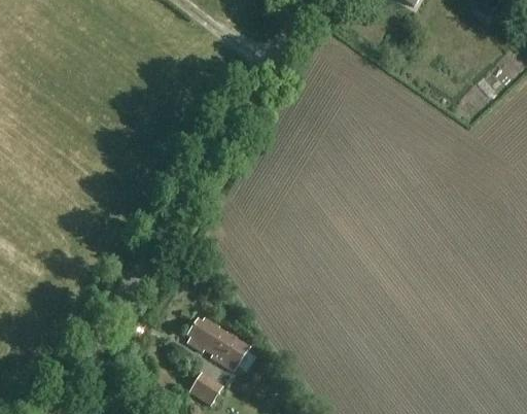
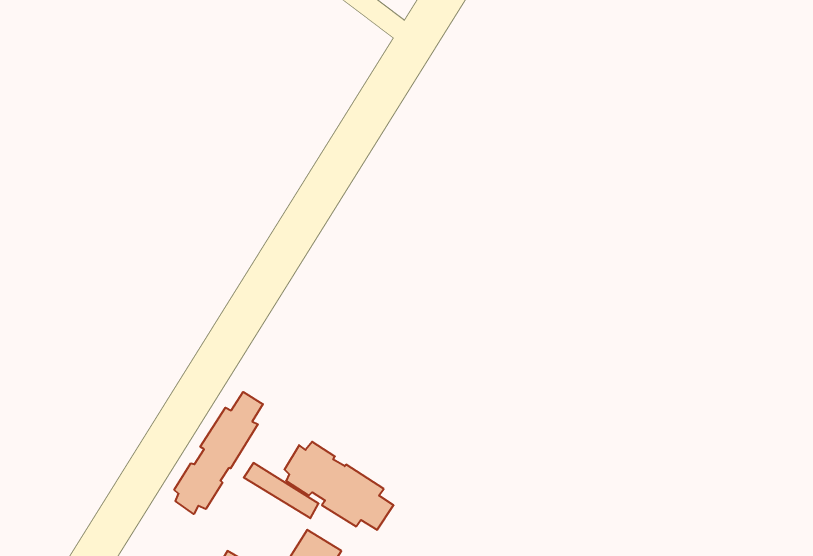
building: none -> [174,392,263,514]

